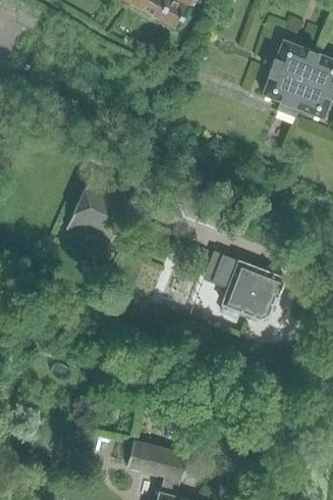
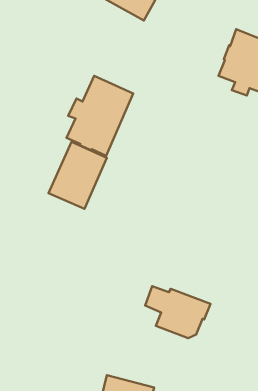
building: none -> [66,76,133,156]
building: [208,257,283,317] -> [145,286,210,338]

